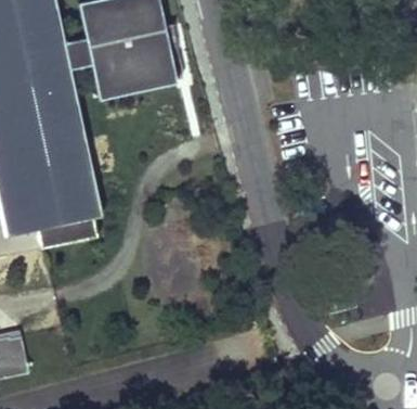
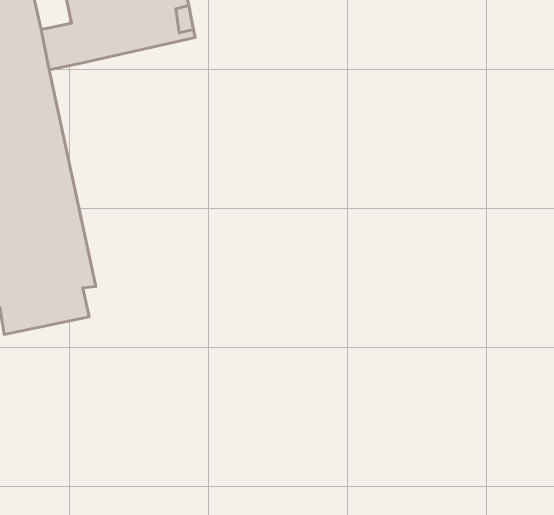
building: [91,46,175,98] -> none

